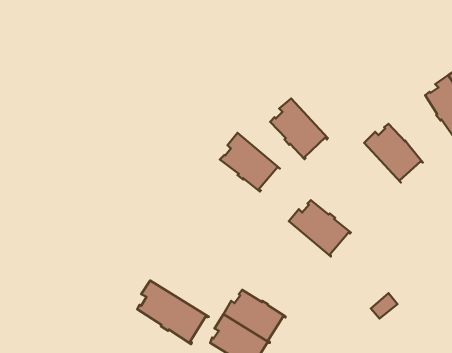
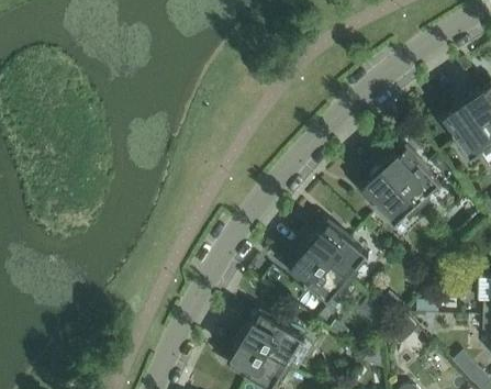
building: [270,98,328,159] -> [361,165,419,225]
building: [220,133,280,192] -> [290,243,349,301]
building: [137,281,209,344] -> none

